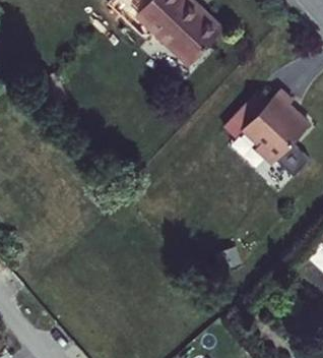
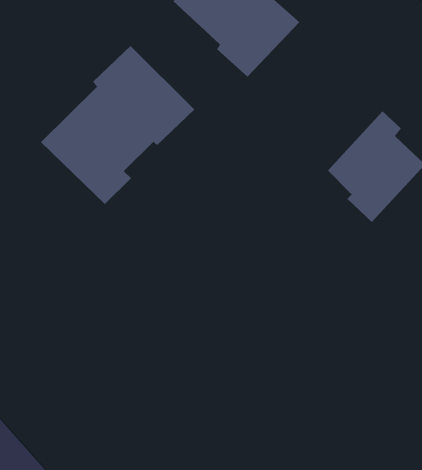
building: none -> [40,45,195,205]

